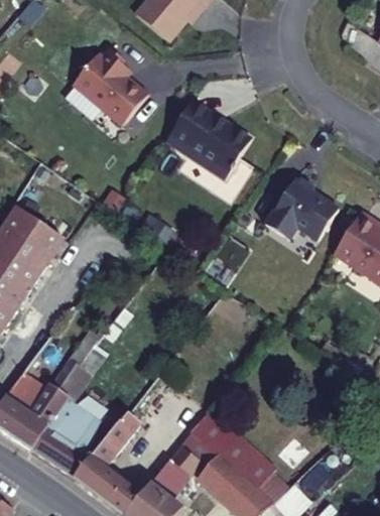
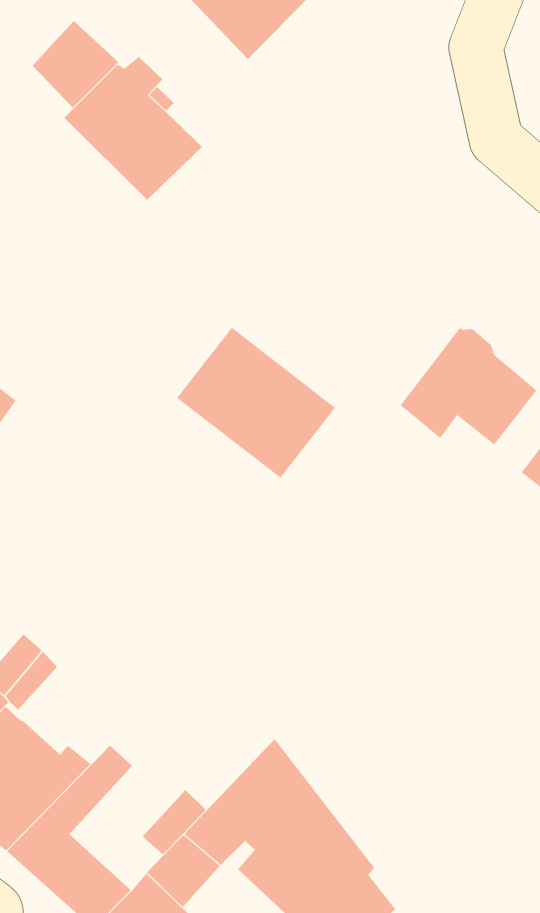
building: none -> [32,20,119,108]
building: [165,100,251,178] -> [176,327,336,478]

